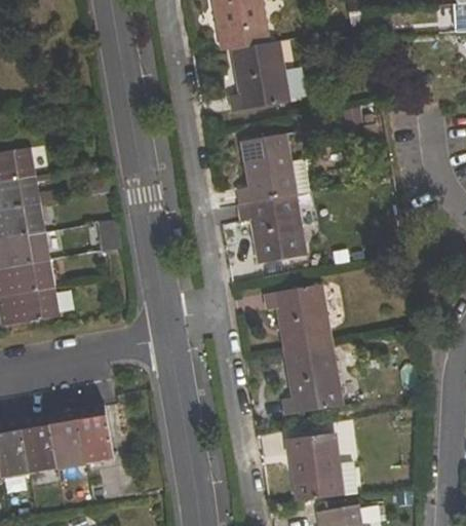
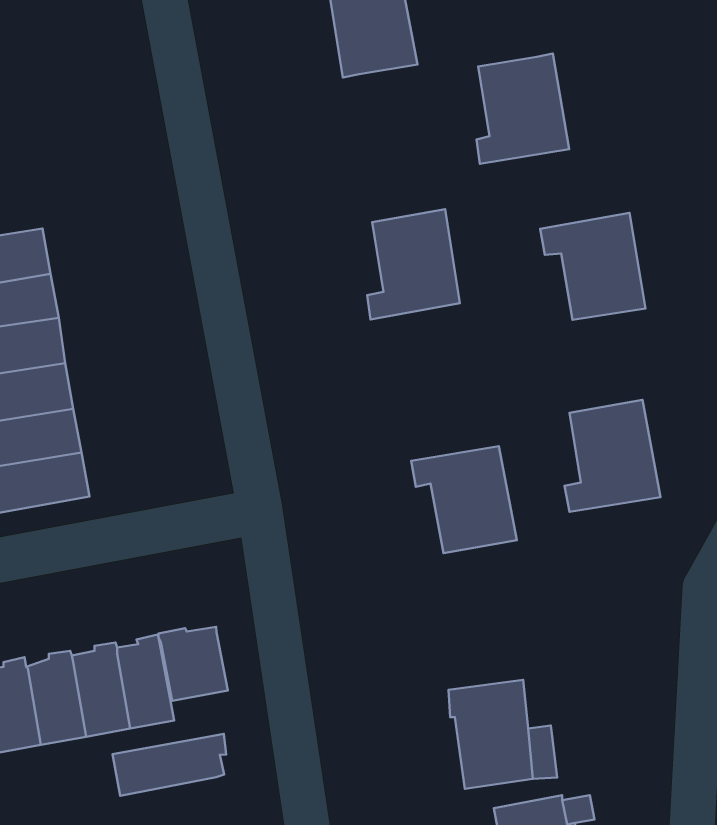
building: [231,41,289,111] -> [477,53,569,164]
building: [239,194,306,262] -> [540,213,646,320]
building: [282,344,343,415] -> [565,400,660,512]
building: none -> [158,627,228,701]
building: none -> [113,734,226,796]

